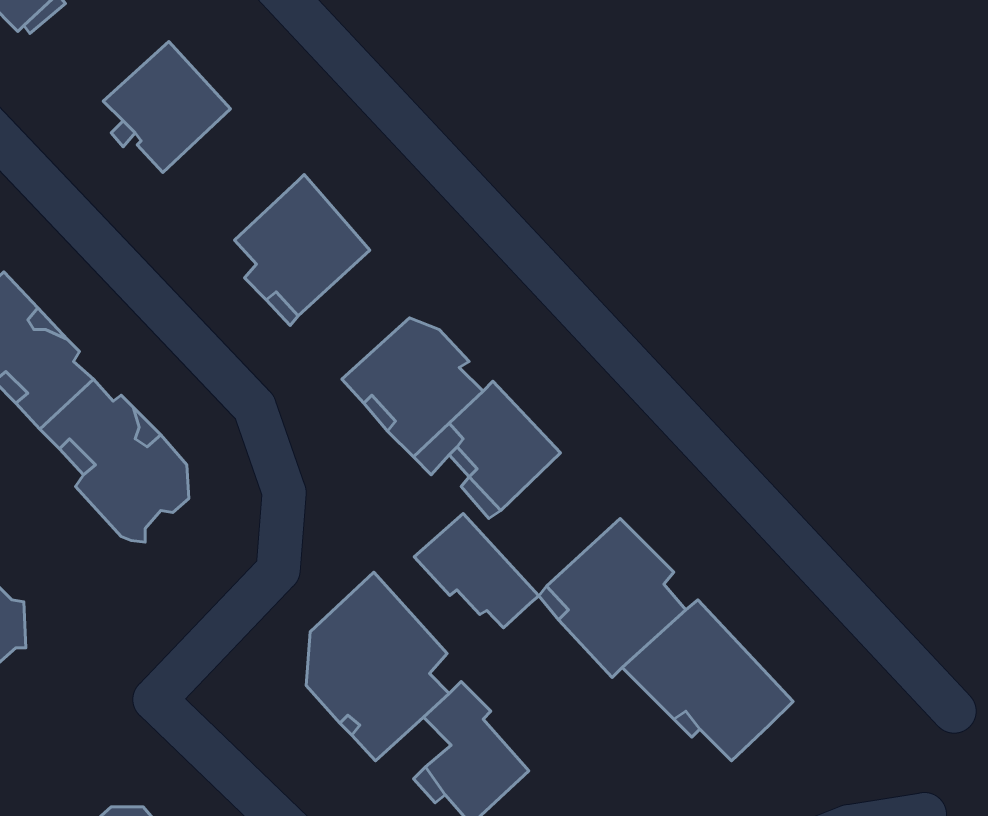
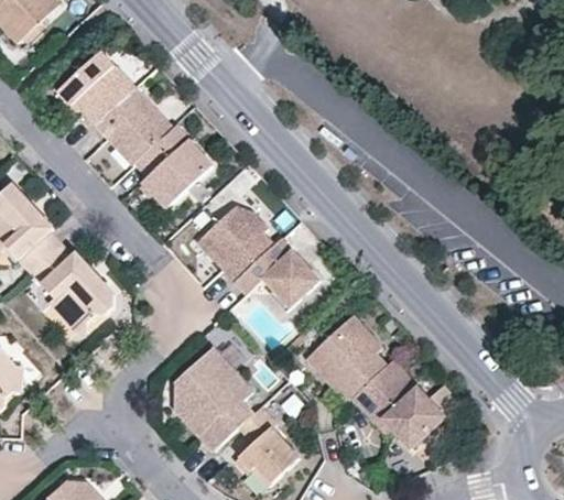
building: none -> [97,89,172,165]
building: [414,514,539,628] -> none

